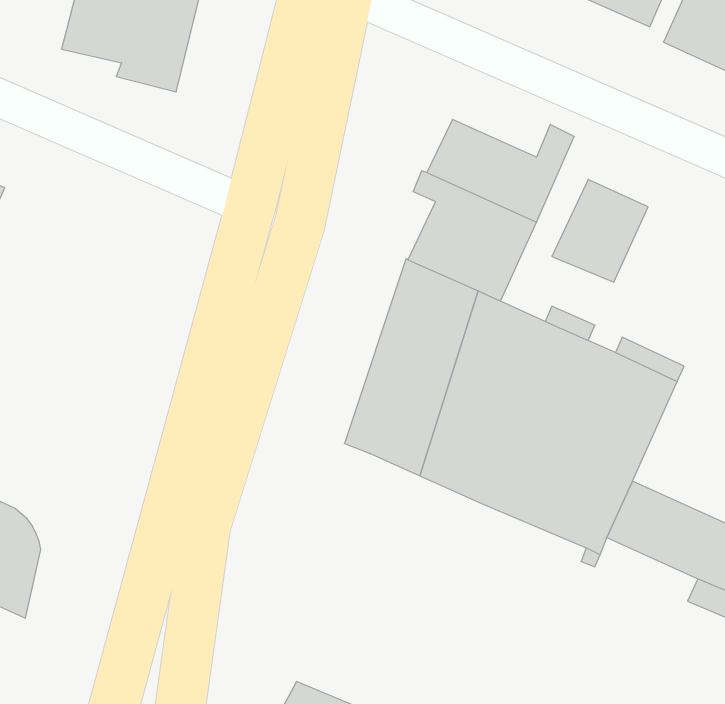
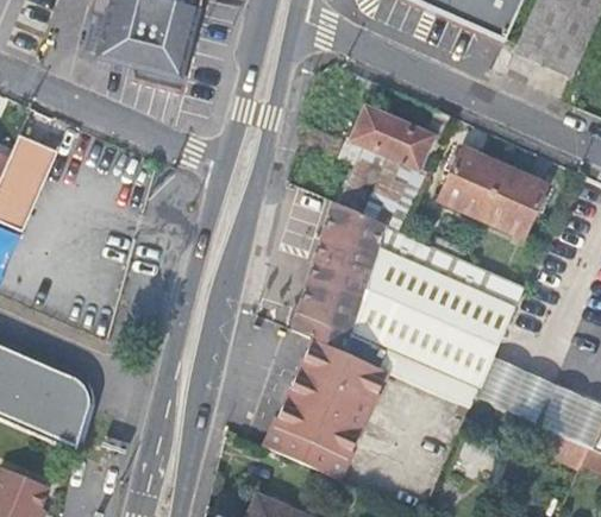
building: none -> [480,165,546,237]
building: none -> [264,336,388,479]

